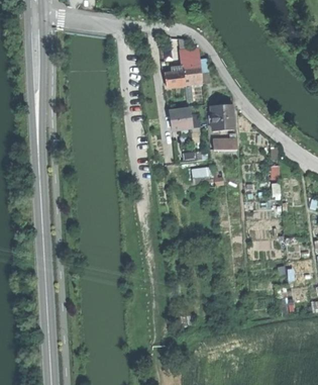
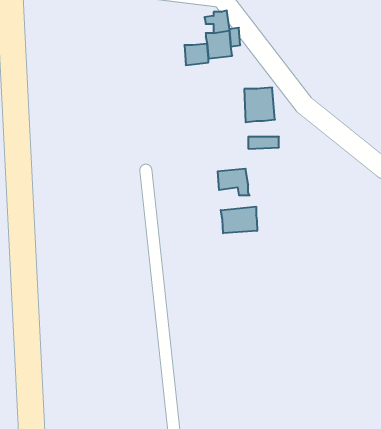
building: [171,106,193,131] -> none
building: none -> [221,207,257,233]

